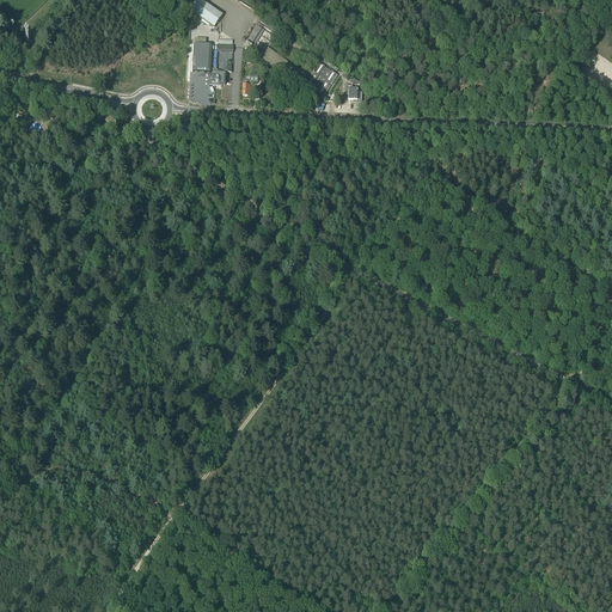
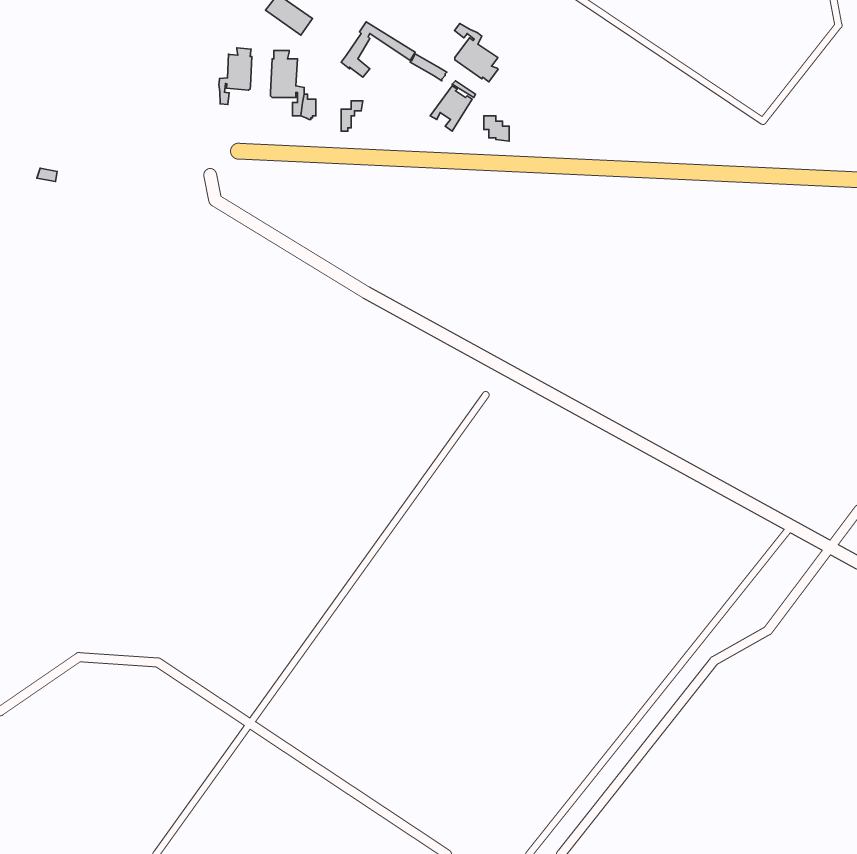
building: none -> [455,23,498,82]
building: none -> [219,48,252,104]

